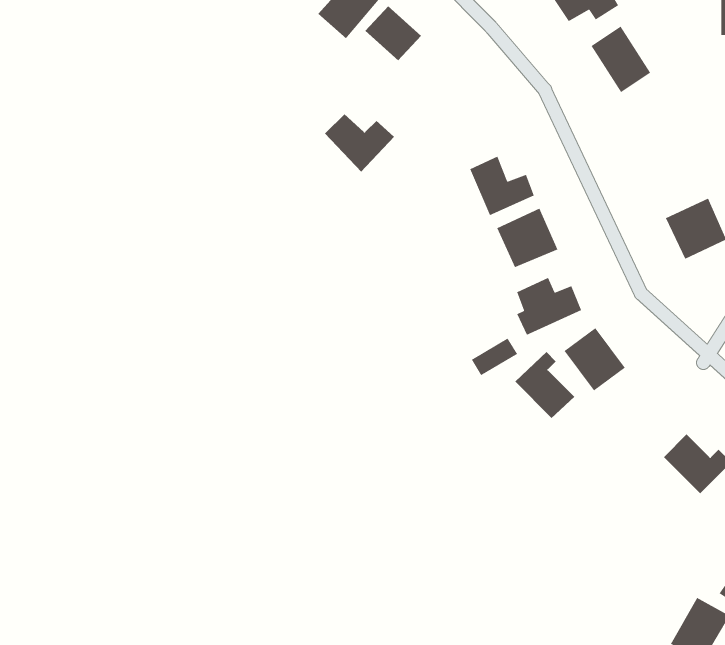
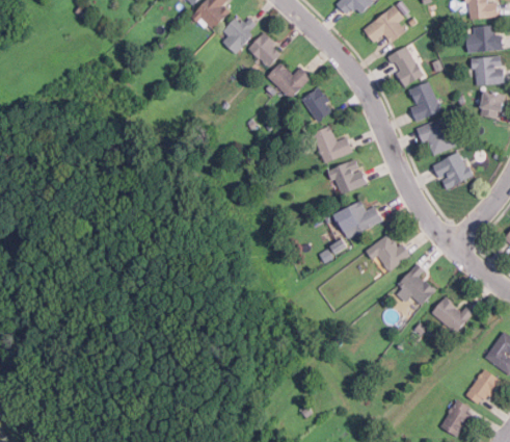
building: none -> [409,81,440,121]
building: none -> [300,86,332,122]
building: [324,113,395,172] -> [267,62,311,99]
building: none -> [418,115,457,156]
building: [514,351,575,419] -> [398,263,435,305]

